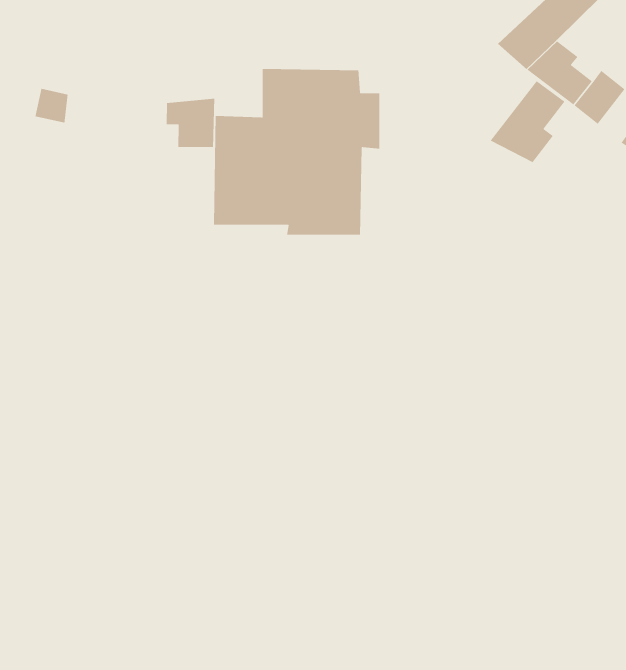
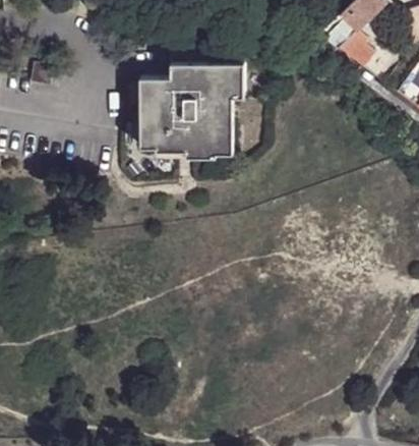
building: [489,80,565,163] -> none
building: [166,98,215,148] -> none

